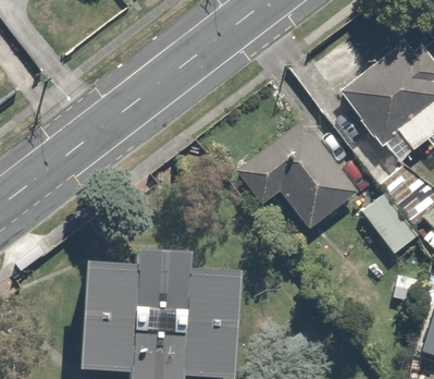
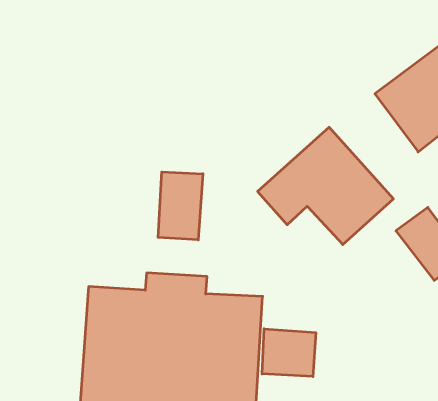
building: none -> [158,172,203,240]
building: none -> [262,329,316,377]

